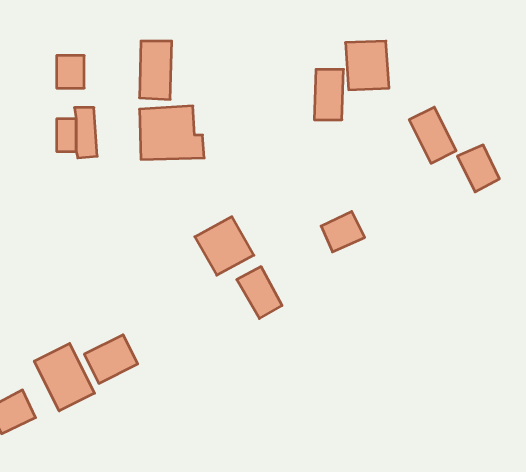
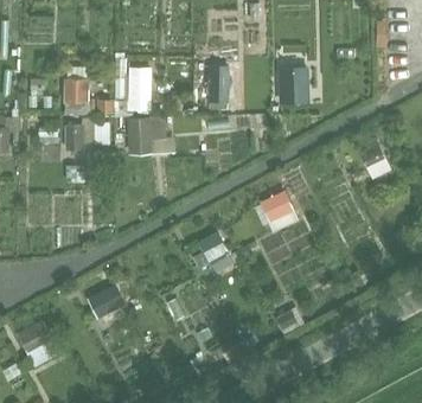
building: [314,69,344,120] -> [207,65,229,102]
building: [409,107,456,163] -> none
building: [195,217,254,275] -> none
building: [34,343,95,411] -> none

